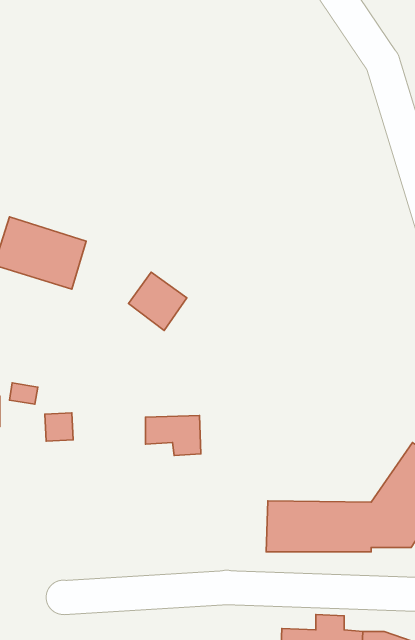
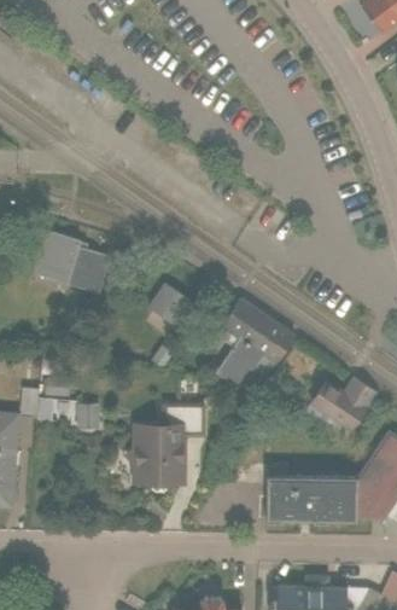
building: none -> [215,301,294,382]
building: none -> [308,376,378,435]
building: none -> [125,428,187,488]

